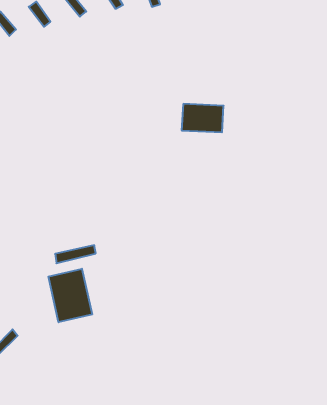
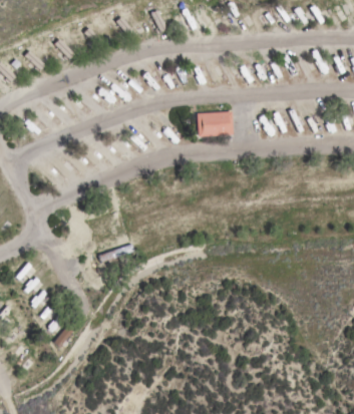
building: [48,269,92,322] -> none

